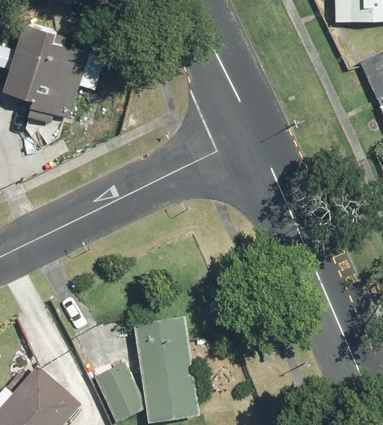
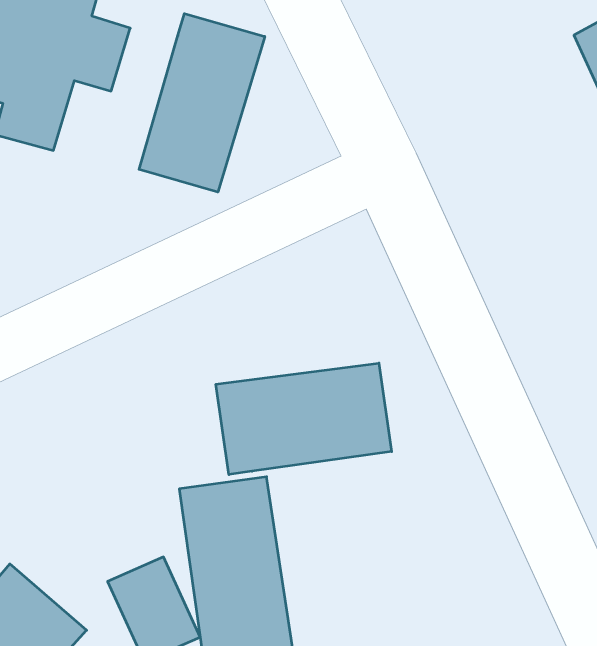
building: none -> [139,14,265,192]
building: none -> [216,363,392,475]

